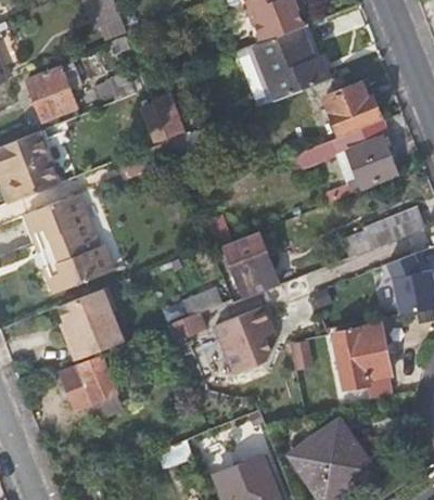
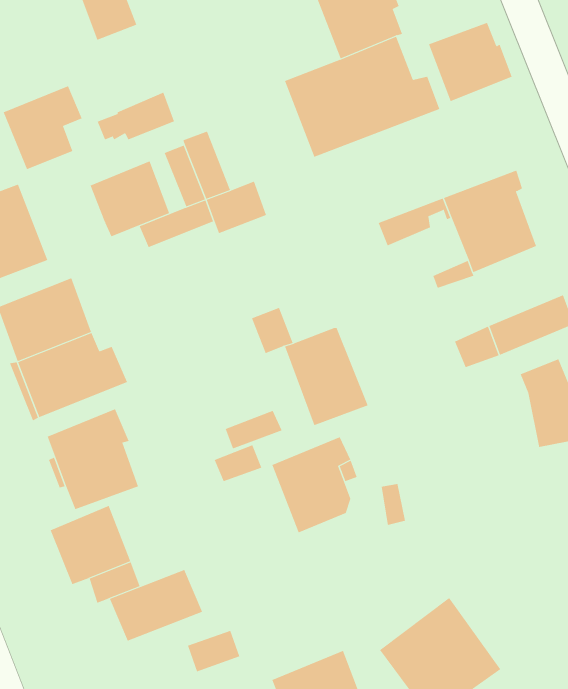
building: [322,80,381,136] -> [428,22,513,102]
building: none -> [90,161,170,237]
building: [335,323,393,387] -> none
building: none -> [109,569,203,642]

